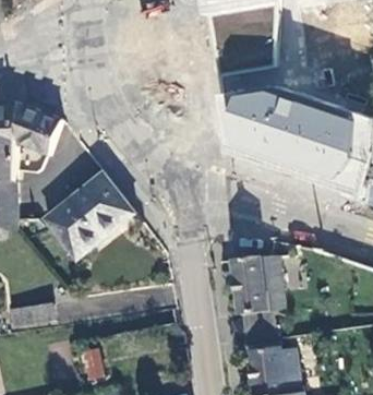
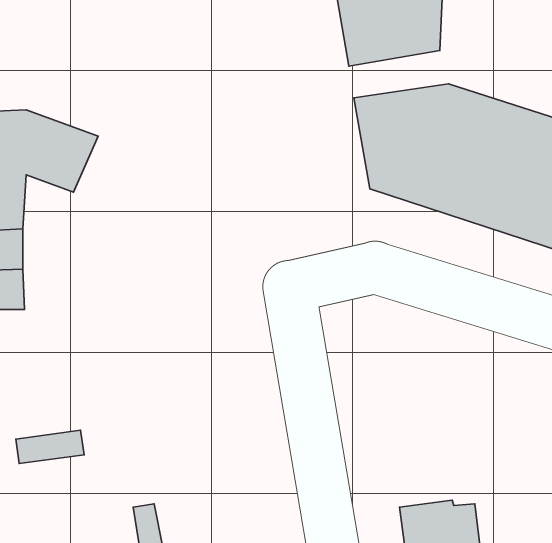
building: [45,172,136,254] -> none
building: [238,255,286,338] -> none

